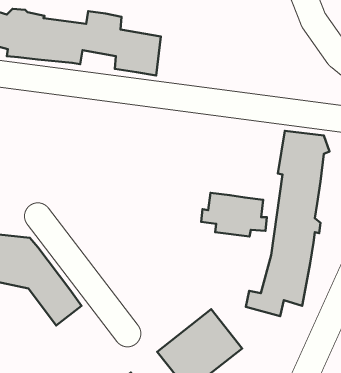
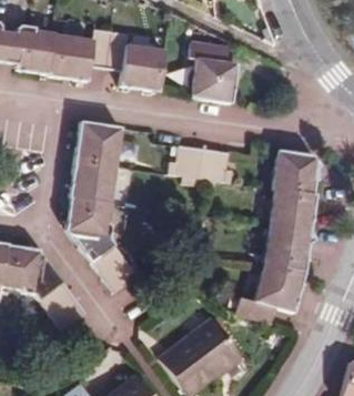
building: none -> [186,41,236,99]
building: none -> [64,116,134,288]
building: [201,193,267,237] -> [171,142,234,184]

